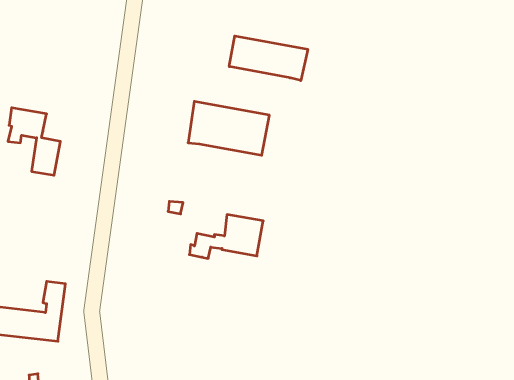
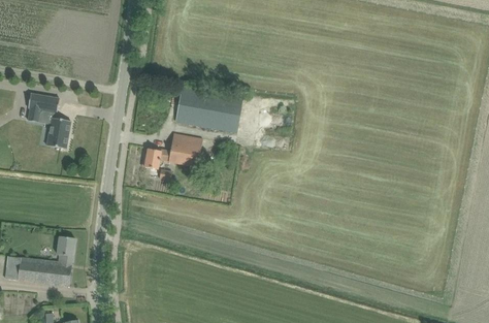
building: [229,36,308,81] -> none
building: [189,215,263,258] -> [141,133,202,169]

